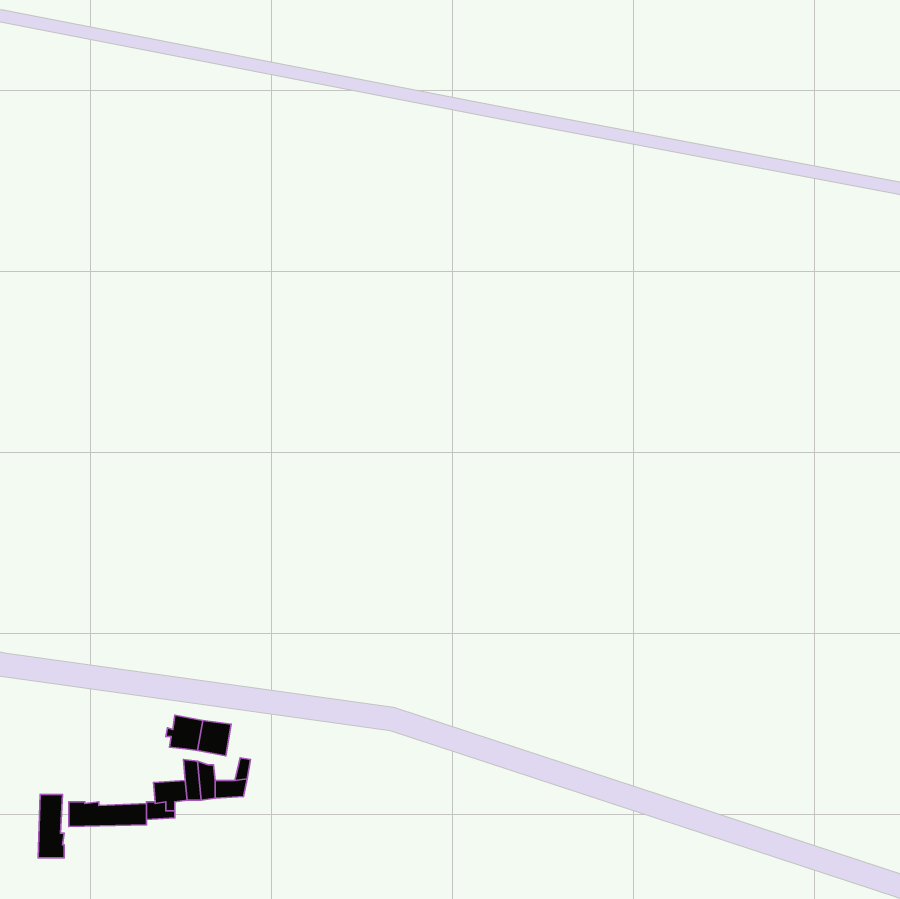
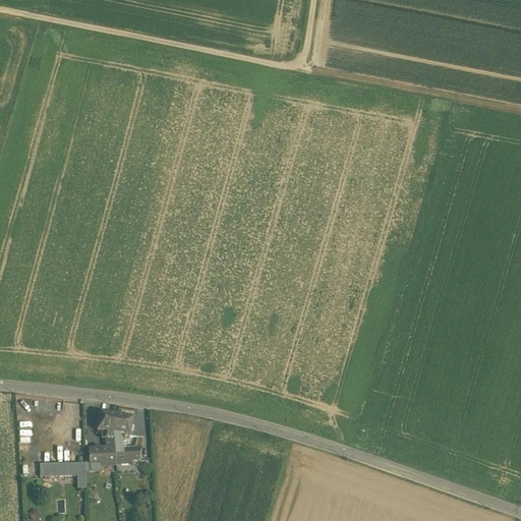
building: [38,794,64,858] -> none

